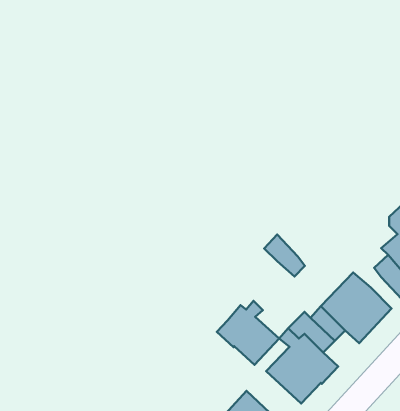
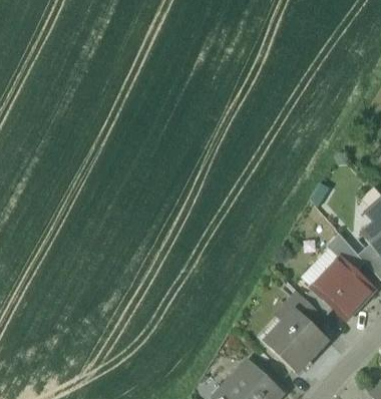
building: [264,235,305,276] -> [329,235,364,271]
building: [217,301,279,365] -> none

